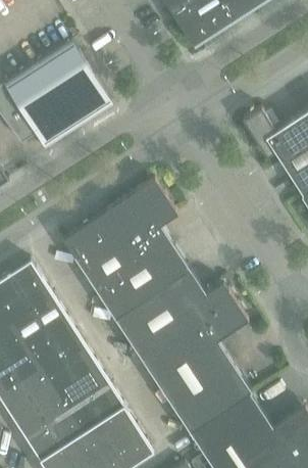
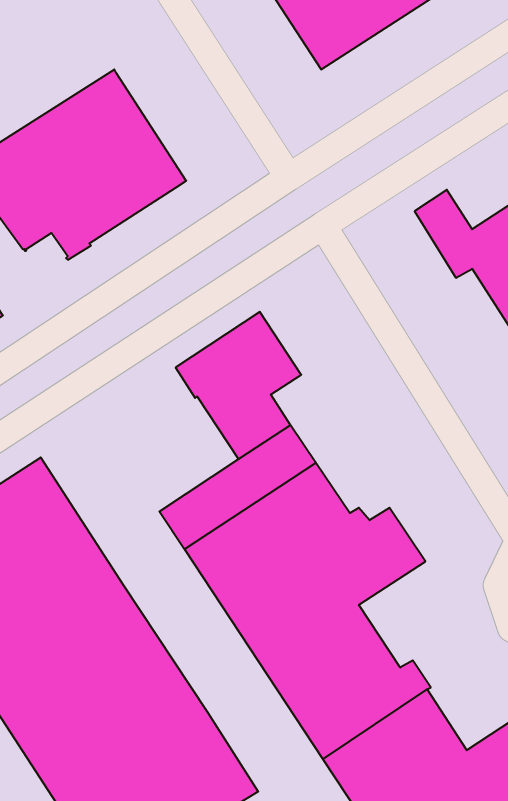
building: [62,210,143,292] -> none

